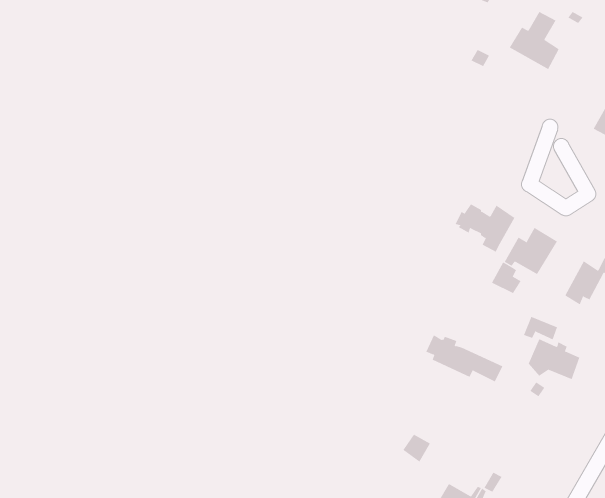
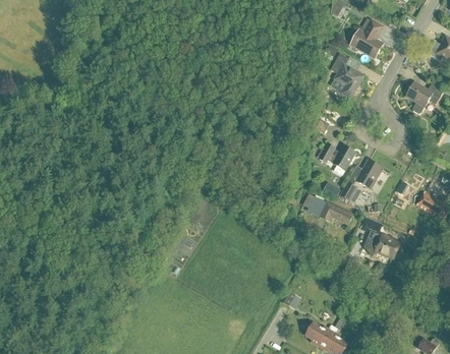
building: none -> [330,53,363,98]
building: [425,334,503,382] -> [303,193,353,224]

